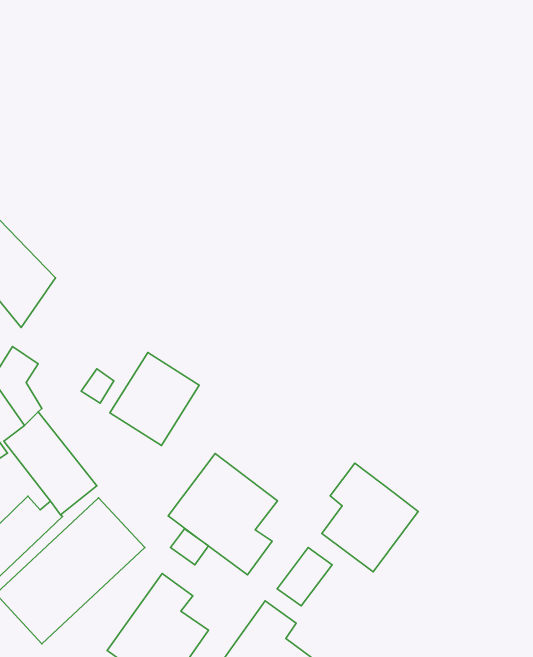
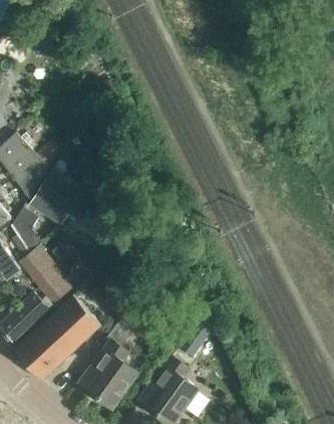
building: [110,353,199,445] -> [30,171,82,225]
building: [168,453,277,575] -> none
building: [322,463,418,572] -> none

